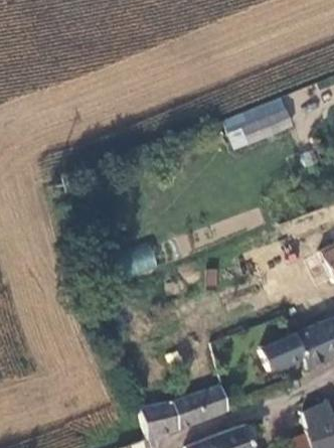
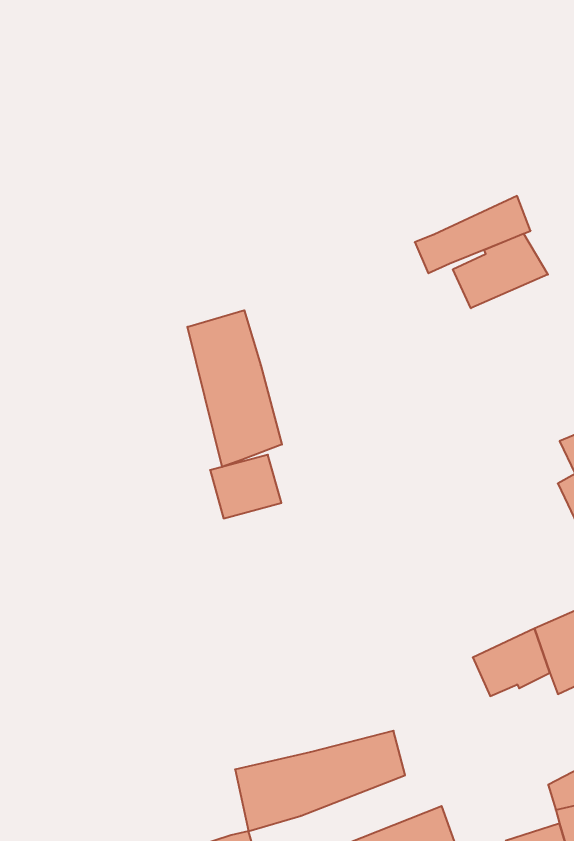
building: none -> [453,234,548,308]
building: none -> [187,310,282,467]

